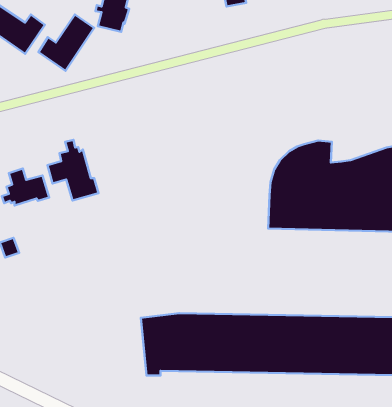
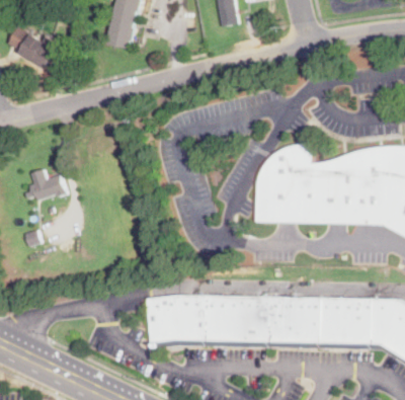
building: [39,15,94,71] -> none
building: [48,140,99,200] -> none

